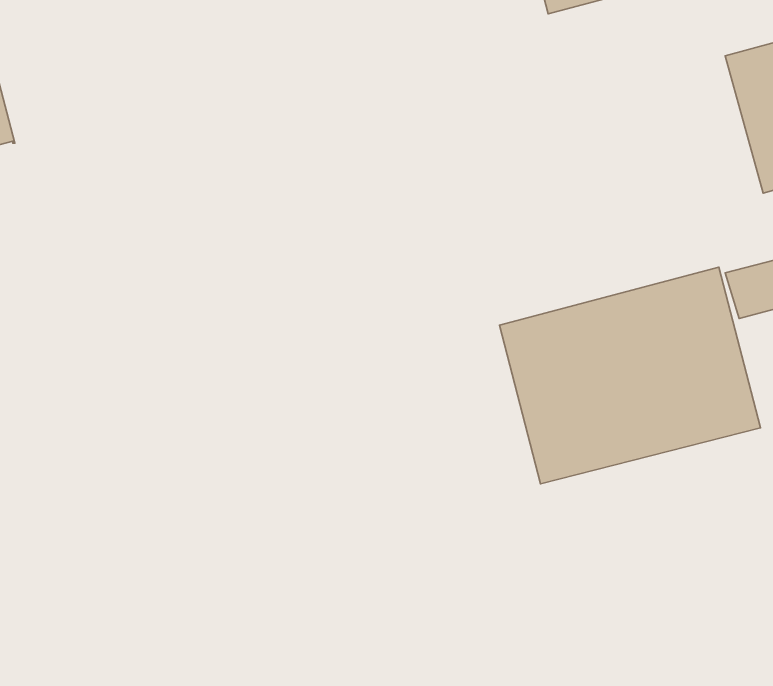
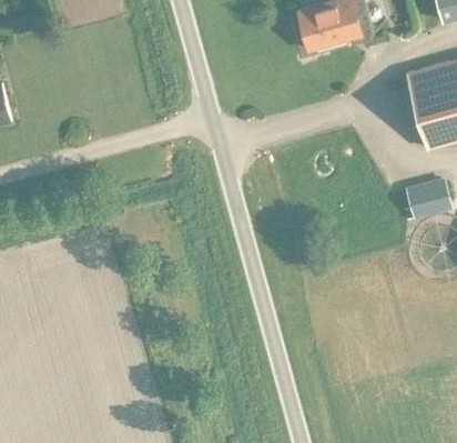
building: [500,267,761,484] -> none

